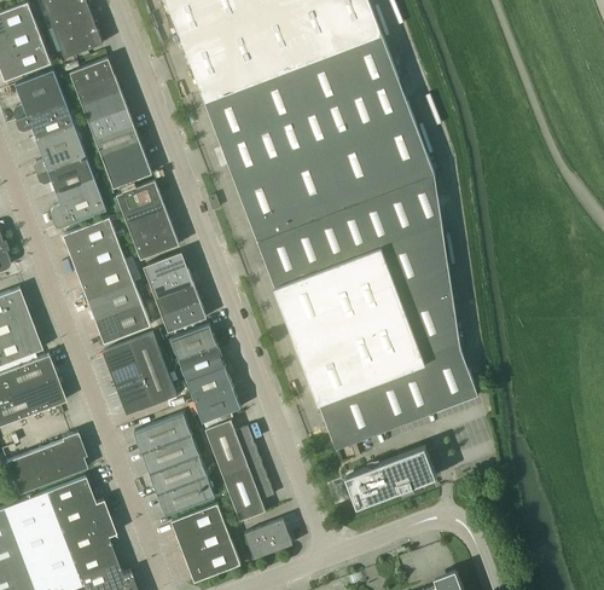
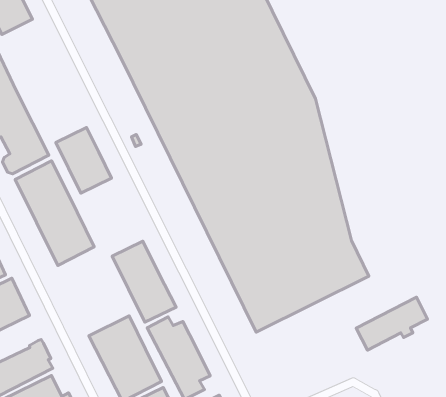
building: [70,59,151,189] -> none
building: [143,253,207,332] -> none
building: [103,334,176,415] -> none
building: [347,447,434,505] -> [356,297,428,350]

